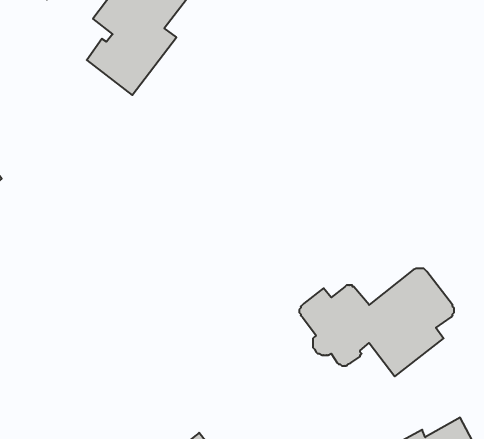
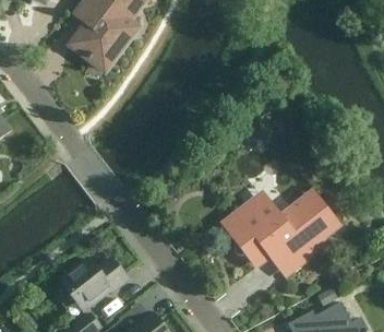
building: none -> [60,258,127,309]

